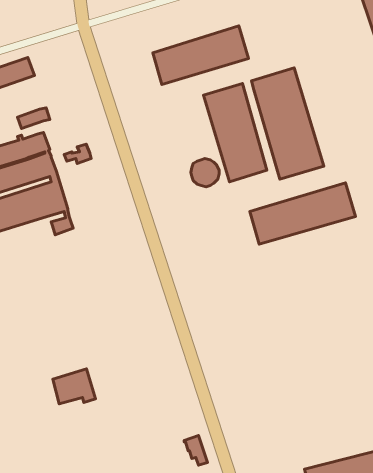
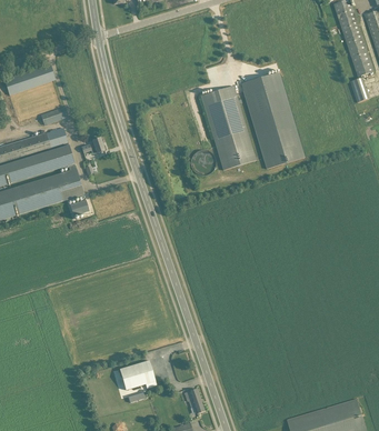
building: [153,26,248,85] -> none
building: [250,183,355,244] -> none
building: [53,369,95,404] -> [119,360,156,390]

